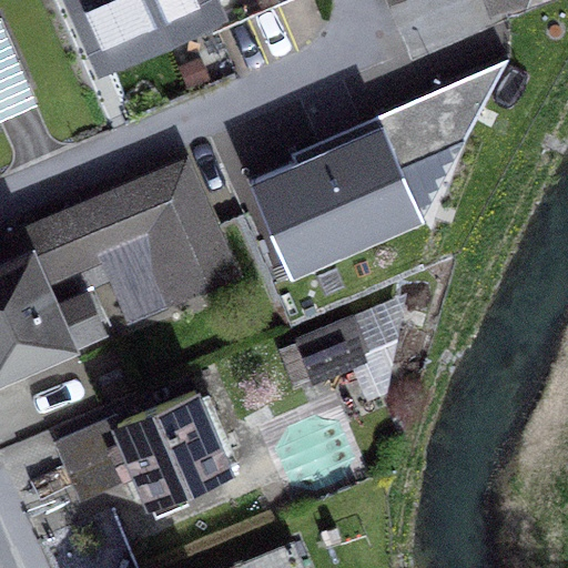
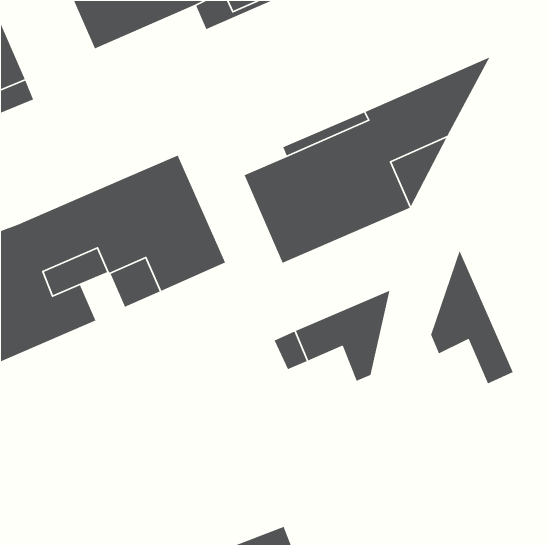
building: none -> [430,249,514,385]
building: [60,395,229,516] -> none

